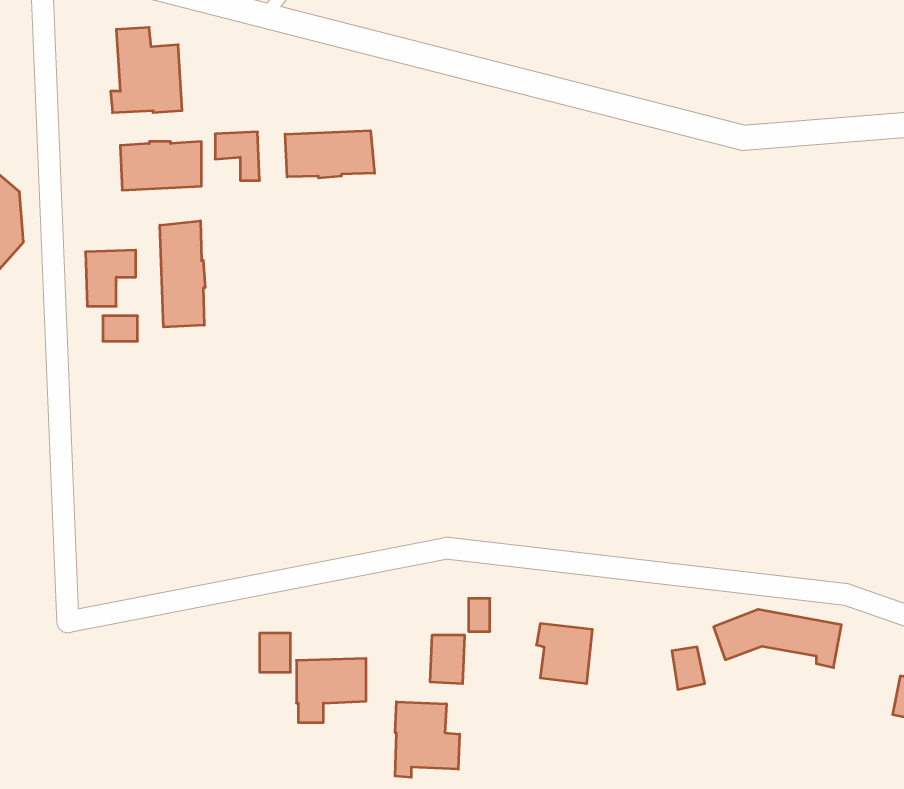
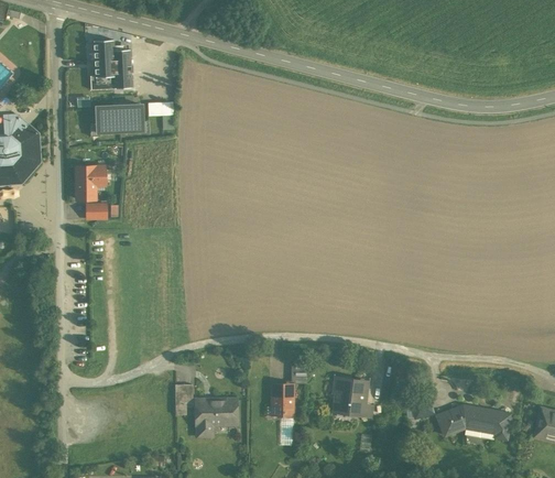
building: [285,131,375,178] -> none
building: [160,221,205,327] -> none
building: [714,609,841,668] -> [437,405,510,438]
building: [395,702,460,777] -> none

